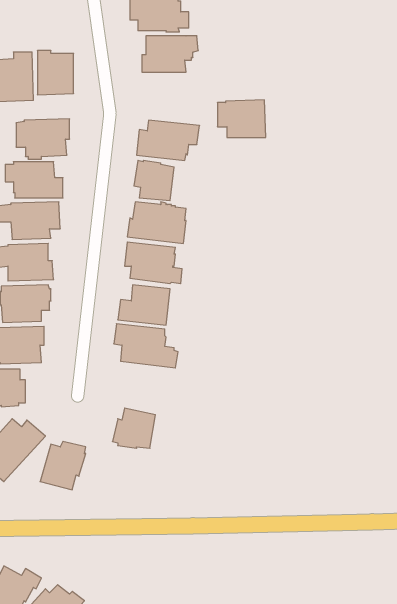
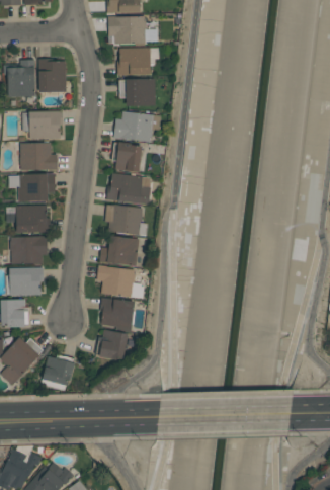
building: [217,100,266,137] -> [119,78,156,106]
building: none -> [100,298,135,328]

